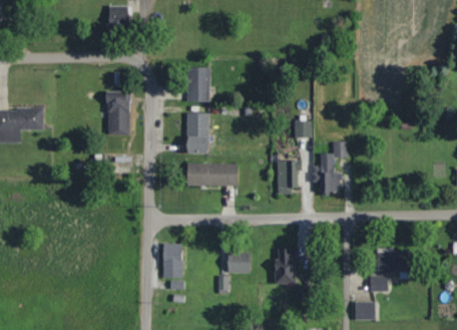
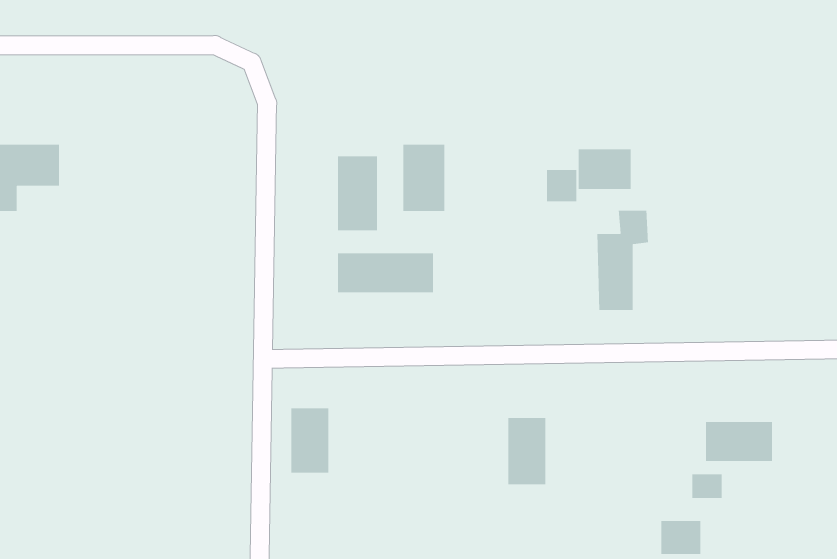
building: [187,67,209,102] -> [403,144,445,212]
building: [107,94,130,135] -> none
building: none -> [578,148,631,190]
building: [278,159,299,193] -> none
building: [228,253,251,273] -> none

